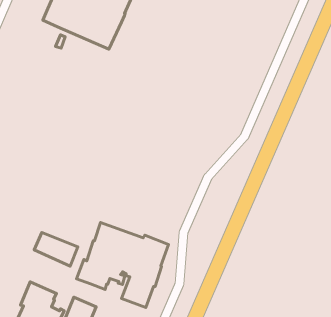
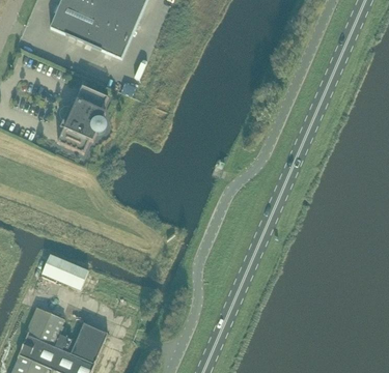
building: none -> [57,84,108,151]
building: [76,223,168,308] -> none

